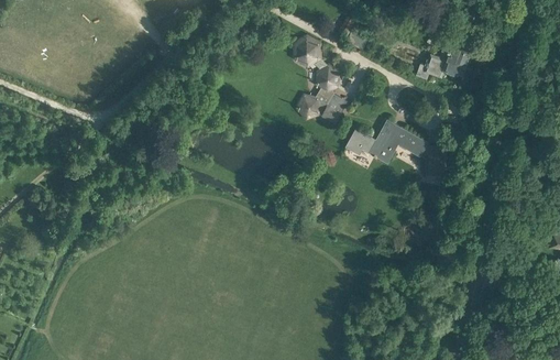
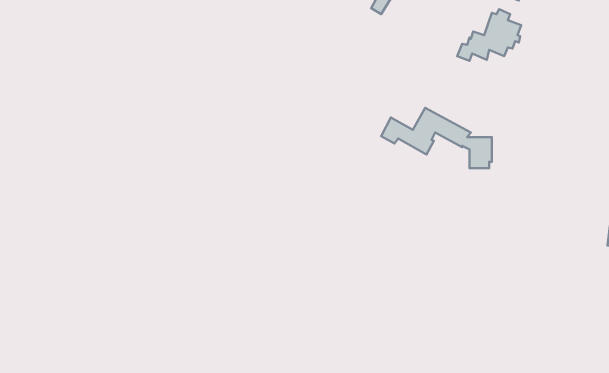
building: [294,37,321,67] -> none
building: [297,67,345,123] -> none

